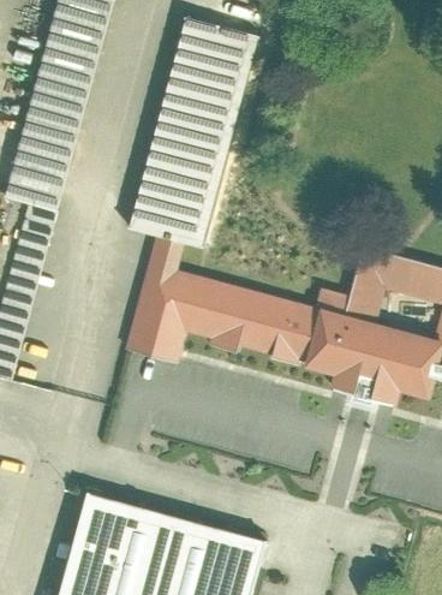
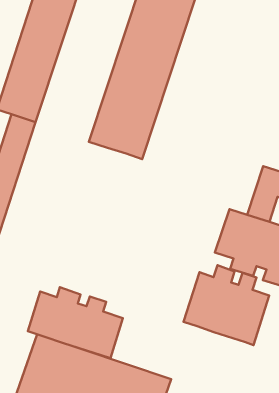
building: [126,238,318,364] -> none
building: none -> [184,265,269,345]
building: none -> [28,287,123,358]

